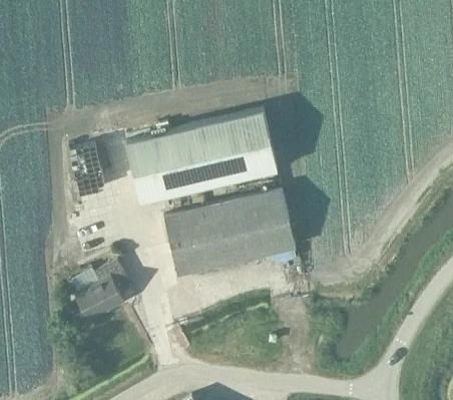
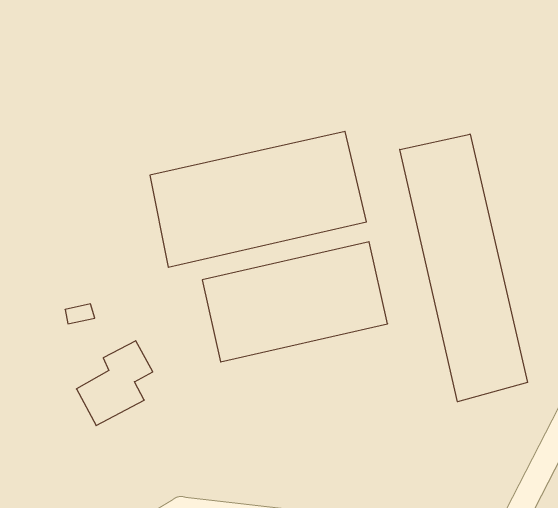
building: none -> [400,134,527,402]

